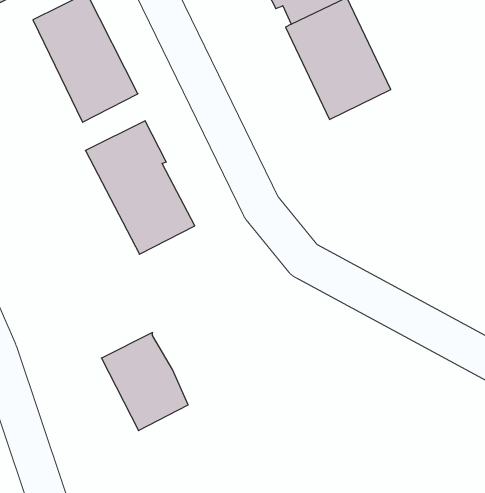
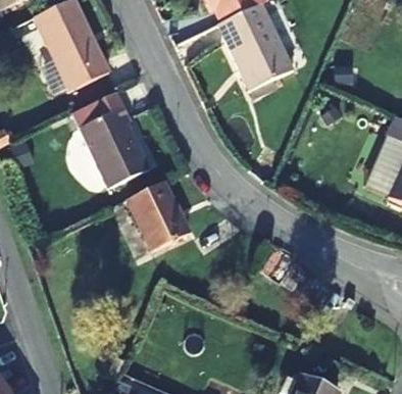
building: [101,333,188,431] -> [127,183,189,253]

